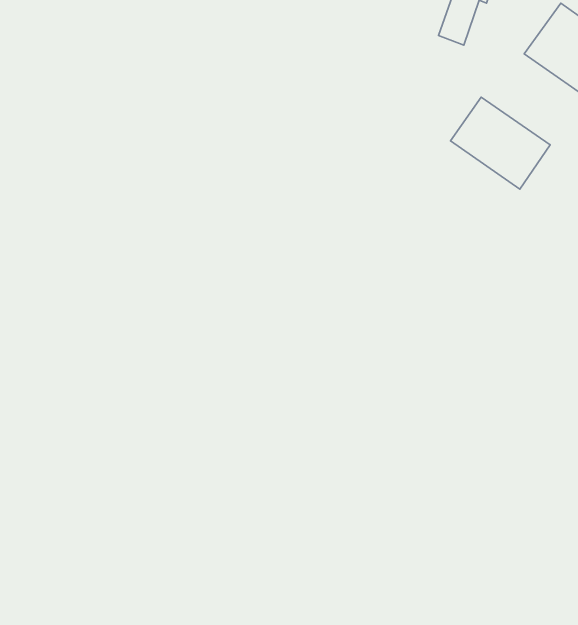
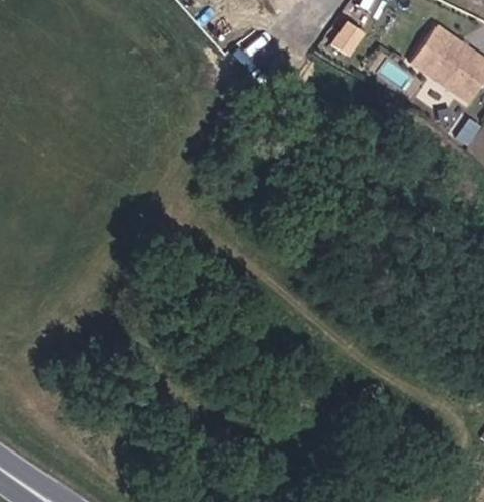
building: [450,97,550,189] -> none

